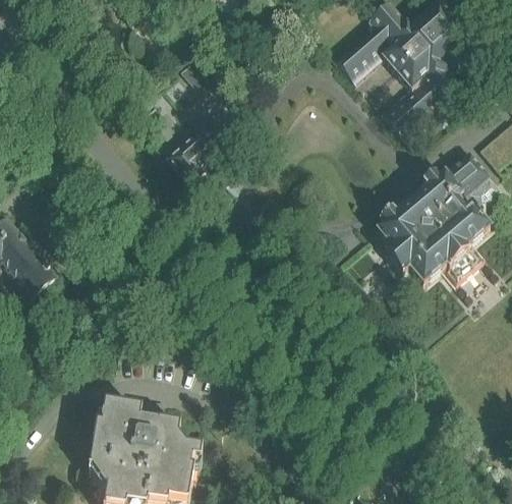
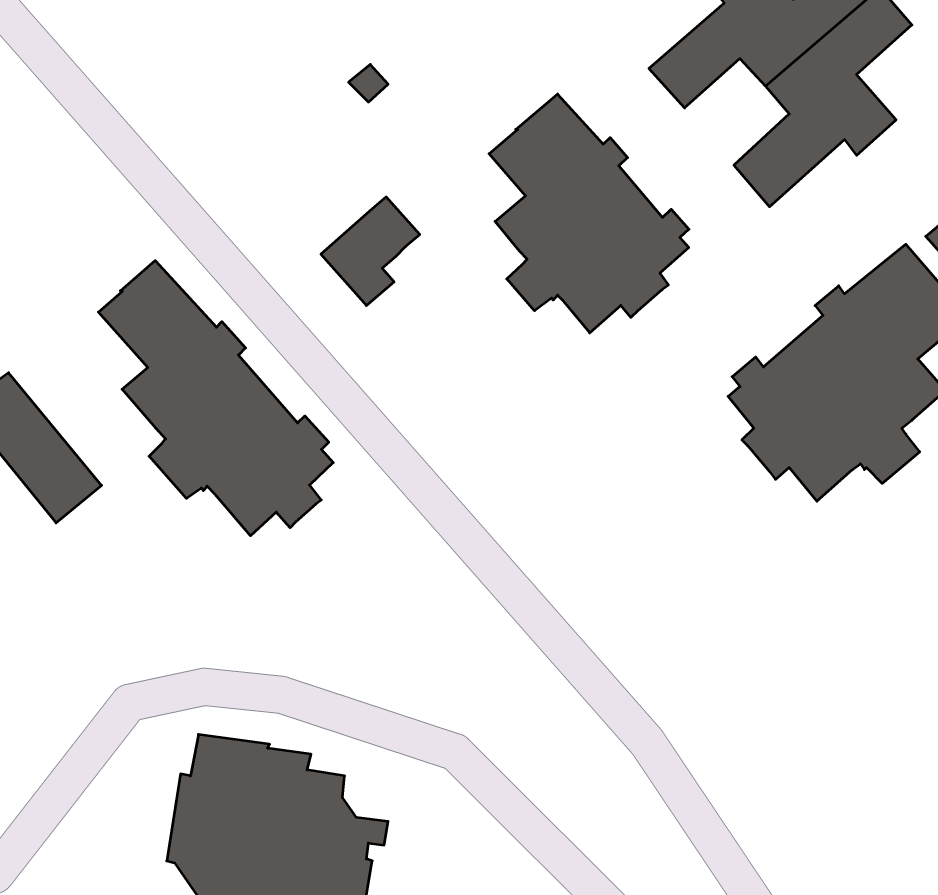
building: none -> [489,94,689,333]
building: none -> [98,261,333,536]

